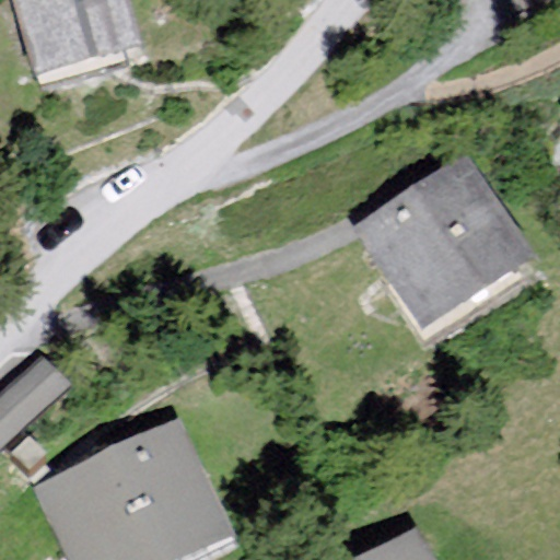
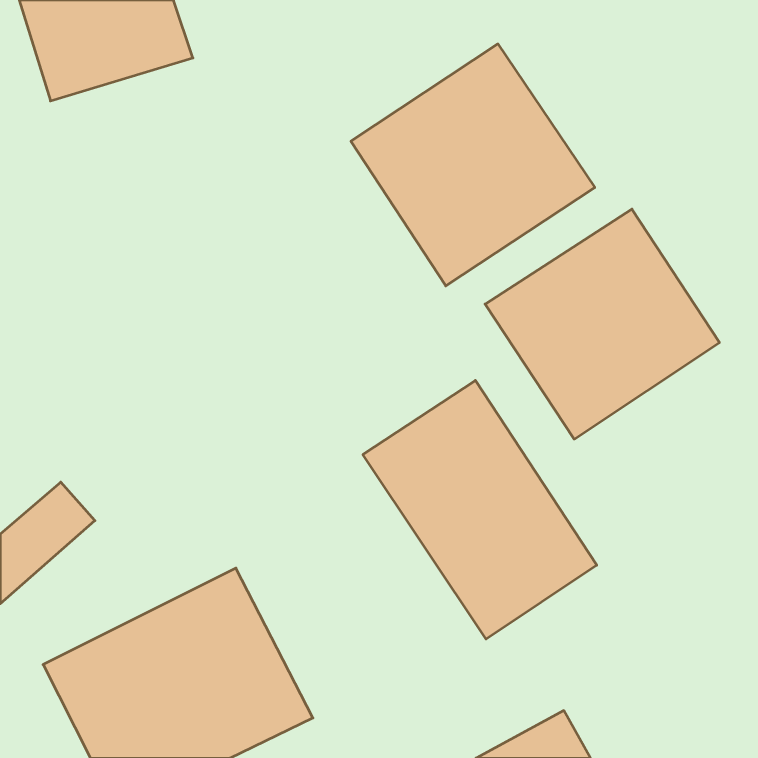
building: none -> [351,44,595,286]
building: none -> [363,380,597,639]

